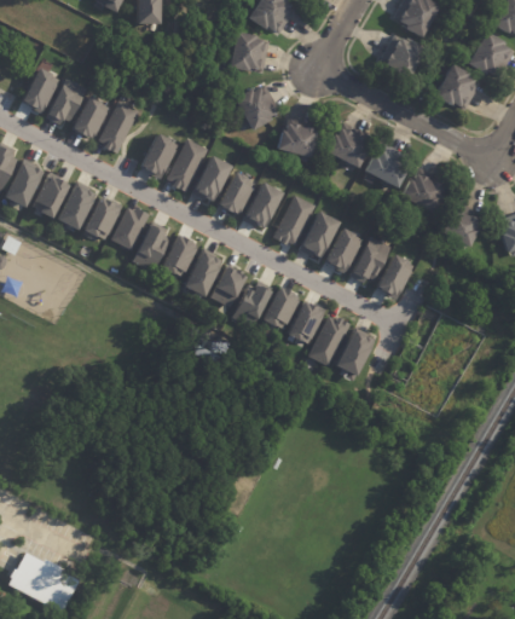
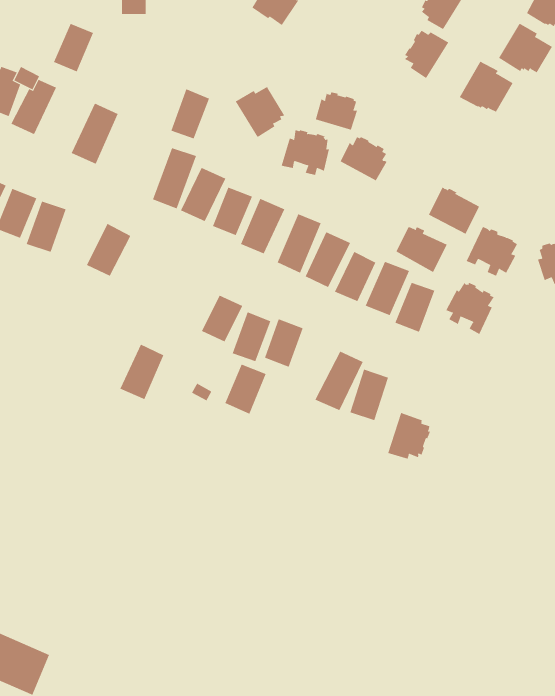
building: [233,30,270,70] -> none
building: none -> [315,91,358,130]
building: [73,96,108,138] -> [53,23,94,72]
building: [141,133,175,177] -> [170,89,210,139]
building: [369,147,413,187] -> [396,226,447,273]
building: [83,196,120,239] -> none
building: [132,225,168,271] -> none
building: [161,233,197,278] -> none
building: [183,249,221,297] -> [119,344,164,400]
building: none -> [445,282,494,335]
building: [288,300,324,343] -> [225,364,267,414]
building: none -> [387,412,431,459]

